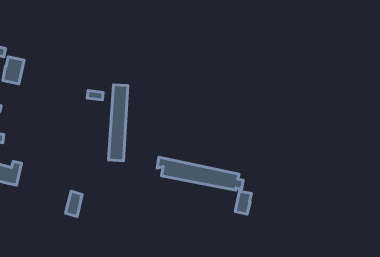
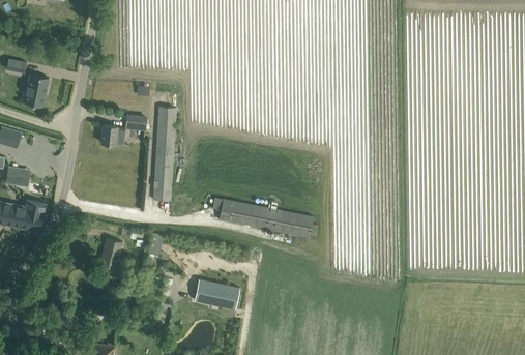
building: none -> [101,125,125,145]
building: [235,191,251,214] -> none
building: none -> [195,279,239,308]

